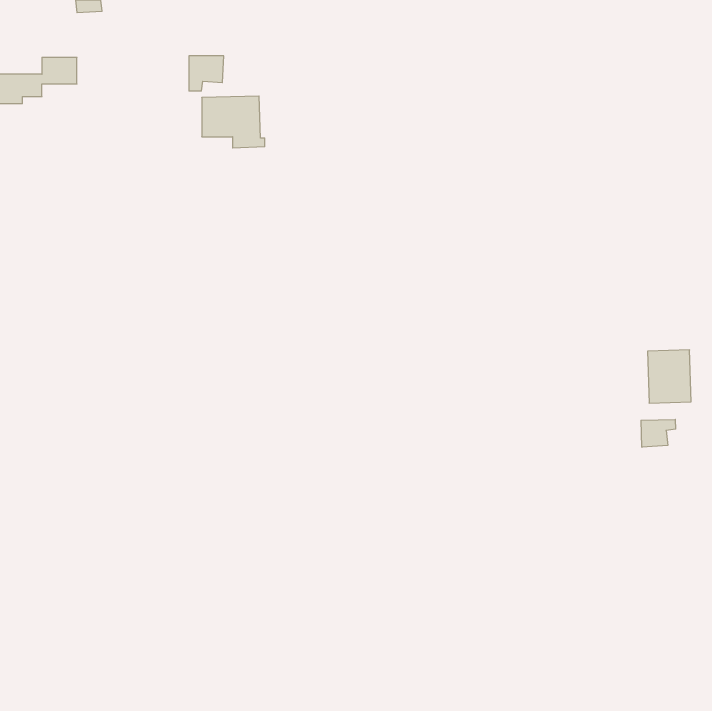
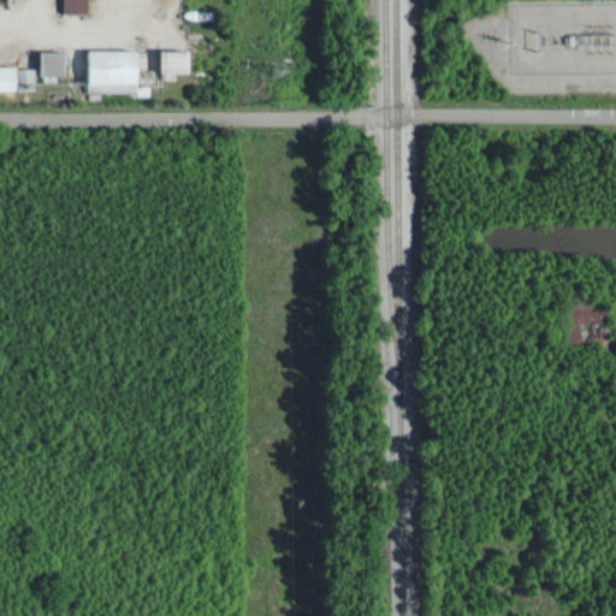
building: [202,96,265,148] -> [91,51,146,95]
building: [641,419,676,447] -> none

